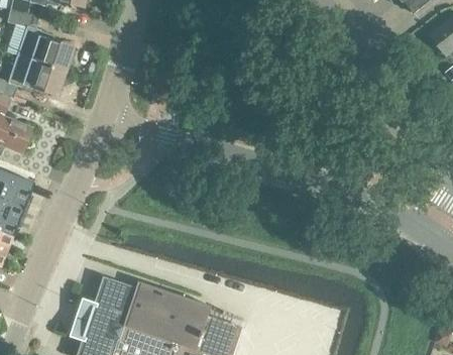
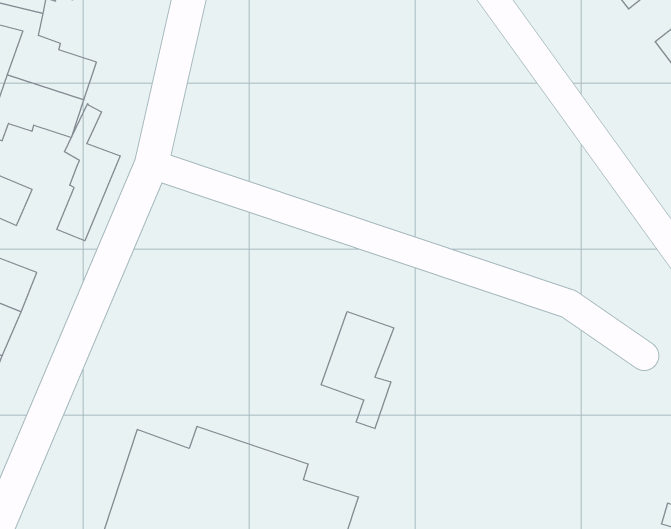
building: none -> [57,104,120,241]
building: none -> [321,312,394,429]

